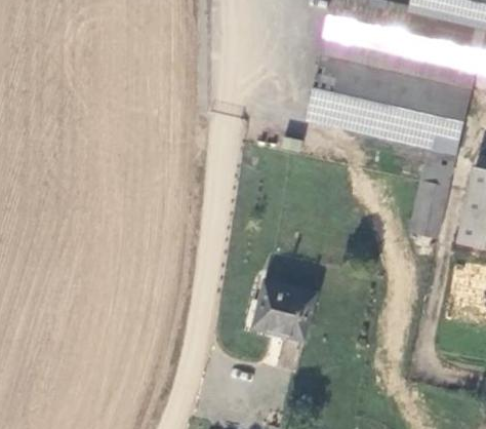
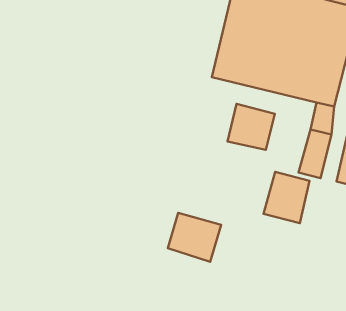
building: none -> [227,104,275,150]
building: none -> [264,172,309,223]

